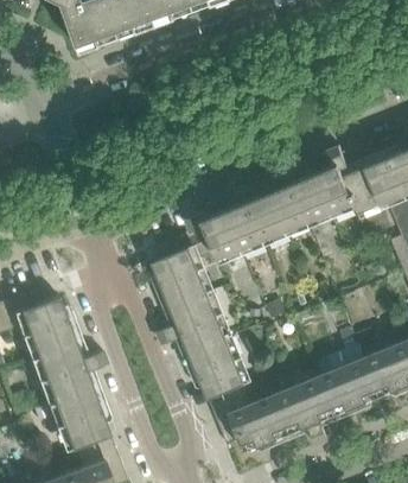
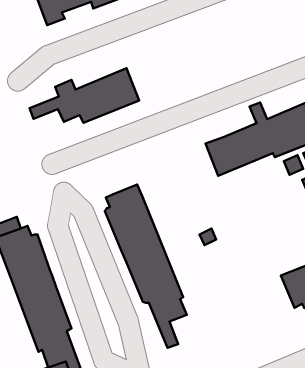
building: [155,196,288,262] -> [30,68,139,123]
building: [229,356,381,451] -> none

